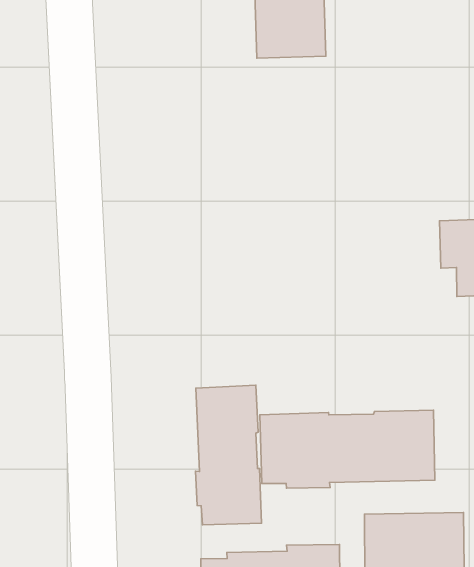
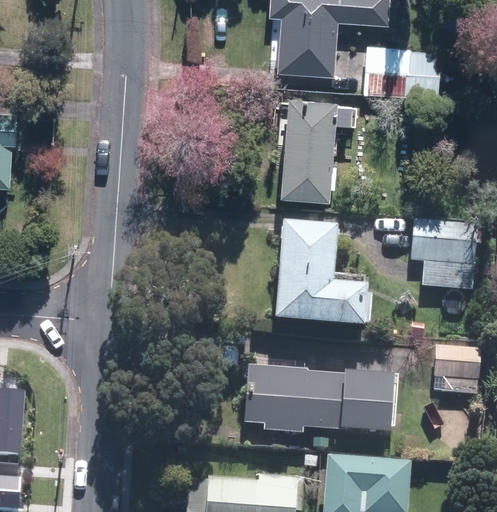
building: none -> [280,97,336,199]
building: none -> [274,222,365,326]
building: [195,385,261,525] -> none

